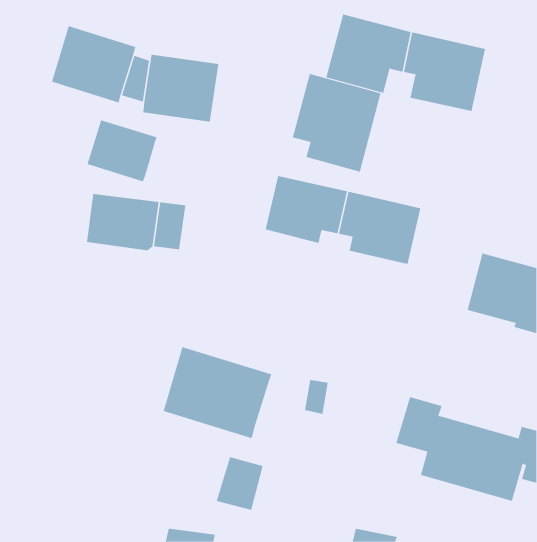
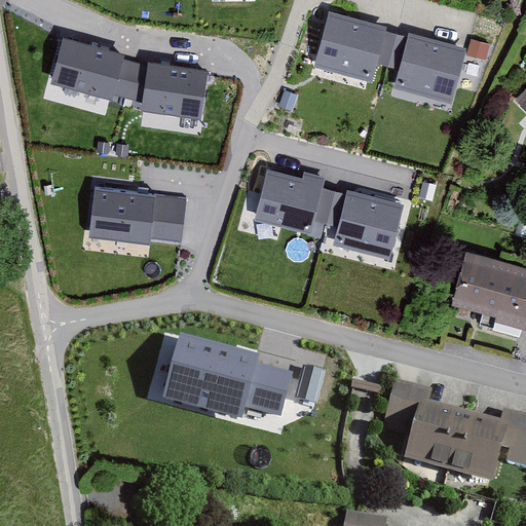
building: [292,73,381,172] -> none
building: [87,119,157,182] -> none
building: [216,456,264,511] -> [248,367,294,419]

